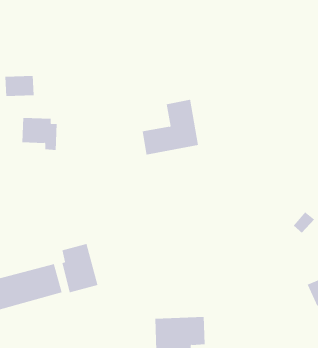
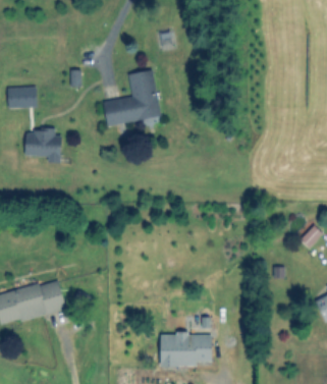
building: [142,99,199,155] -> [103,70,161,127]
building: [62,243,98,293] -> none

